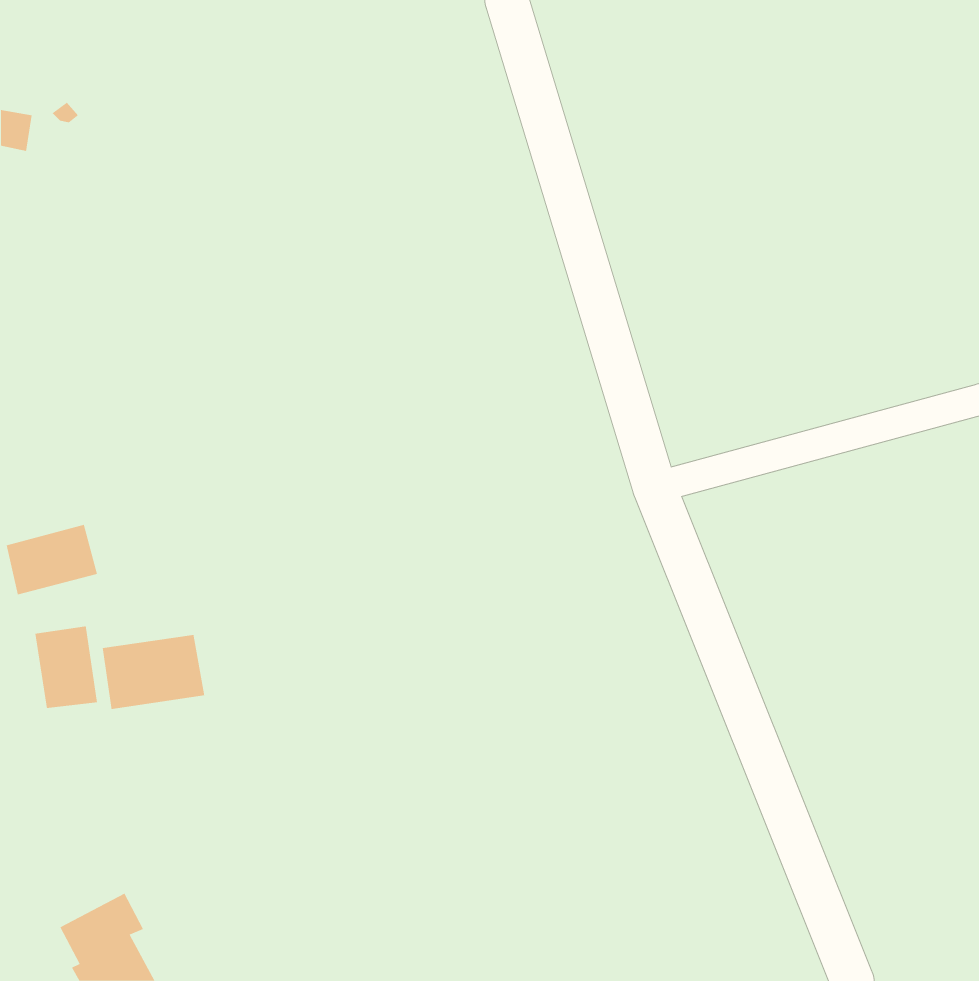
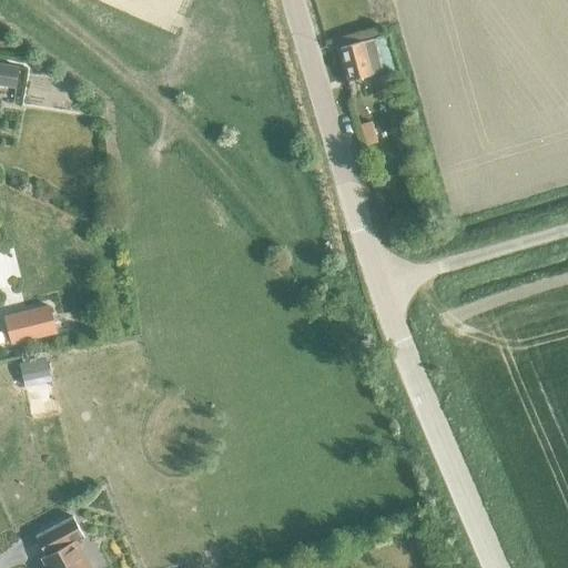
building: none -> [341,40,379,81]
building: [102,634,205,710] -> none

